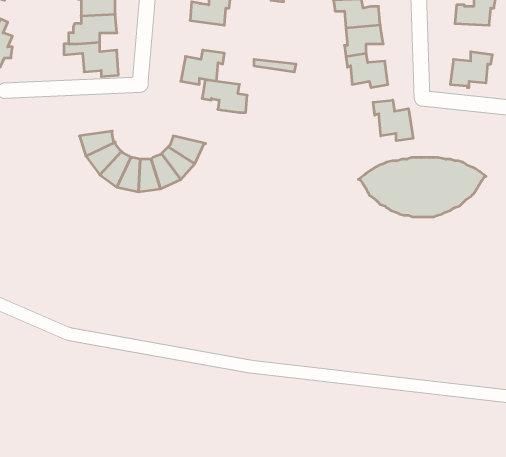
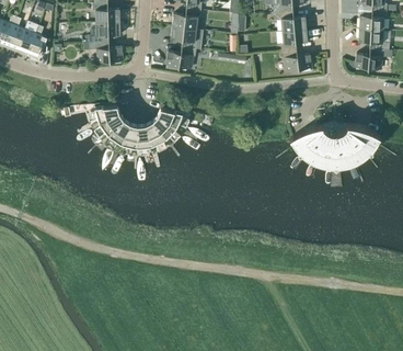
building: none -> [358,29,389,50]
building: [202,80,247,112] -> [170,26,202,49]
building: [373,100,413,141] -> none

